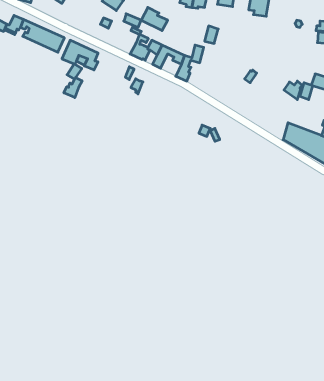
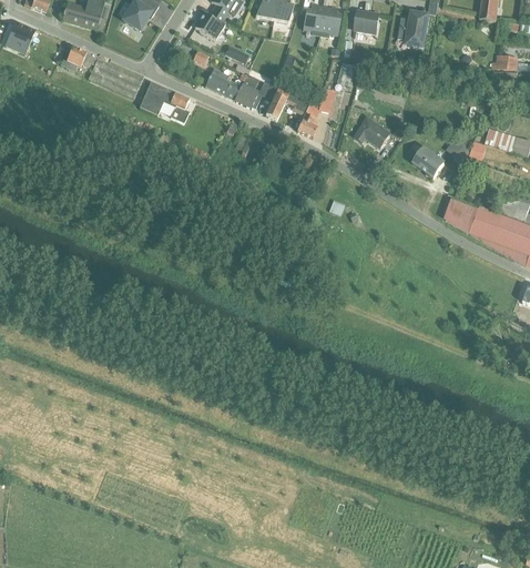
building: [141,7,168,31] -> [204,68,241,100]
building: [64,64,82,98] -> none
building: none -> [353,115,390,148]
building: none -> [412,146,445,179]

